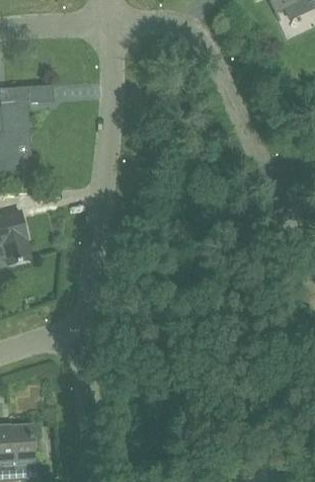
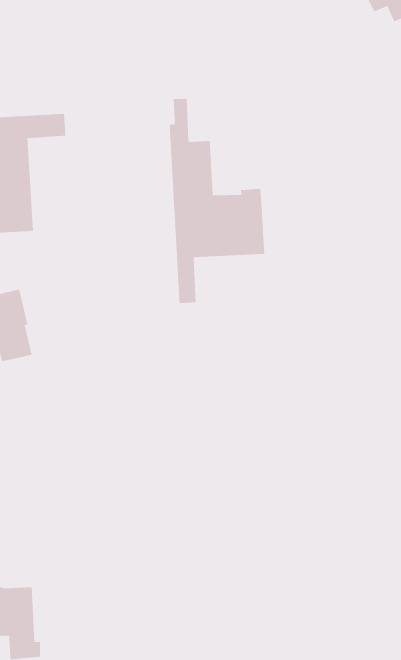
building: none -> [169,98,265,304]

